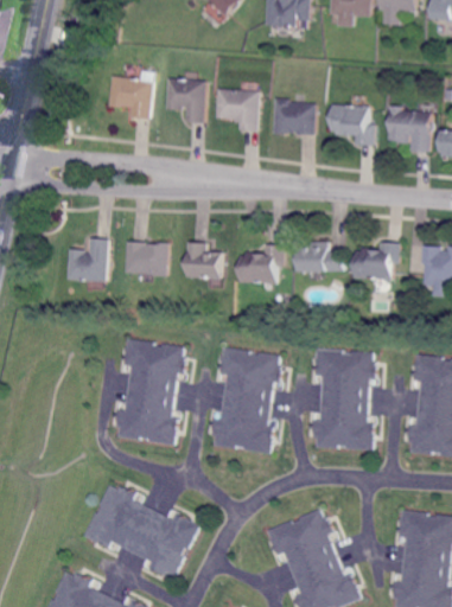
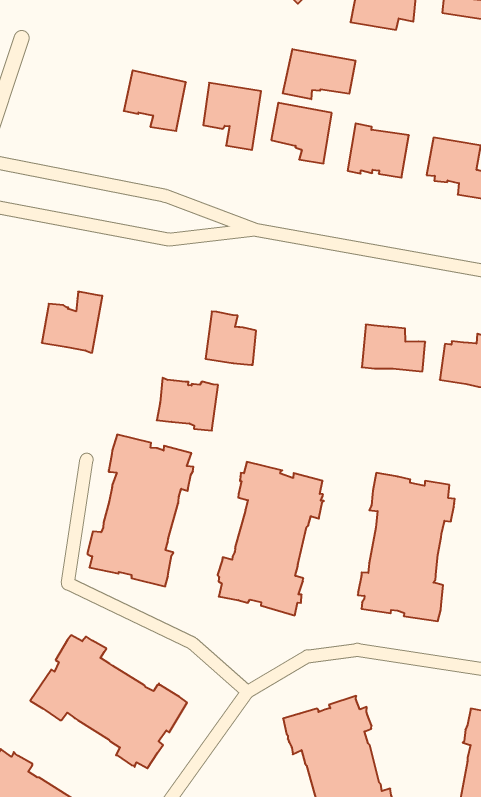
building: none -> [283,49,355,99]
building: [126,241,167,275] -> [157,378,218,431]
building: [241,244,284,282] -> none

